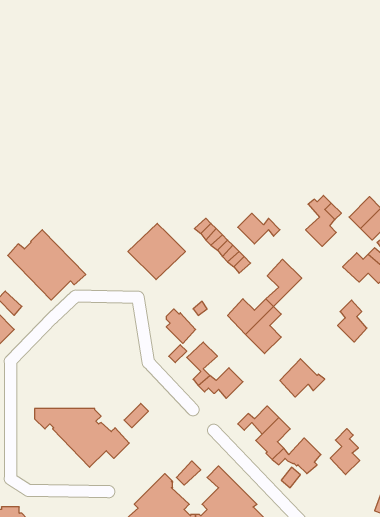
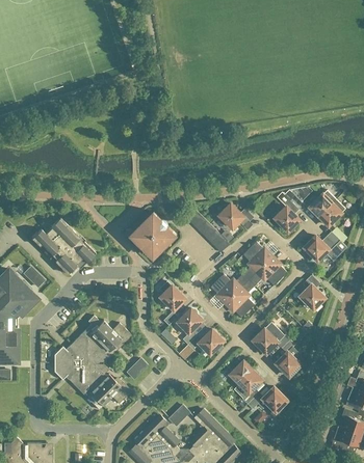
building: none -> [249,257,287,287]
building: none -> [54,316,132,363]
building: [330,429,360,475] -> [277,339,301,377]

